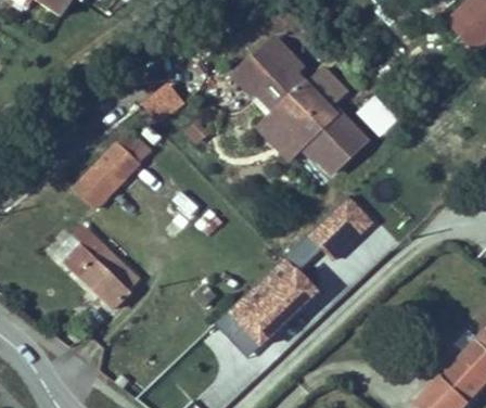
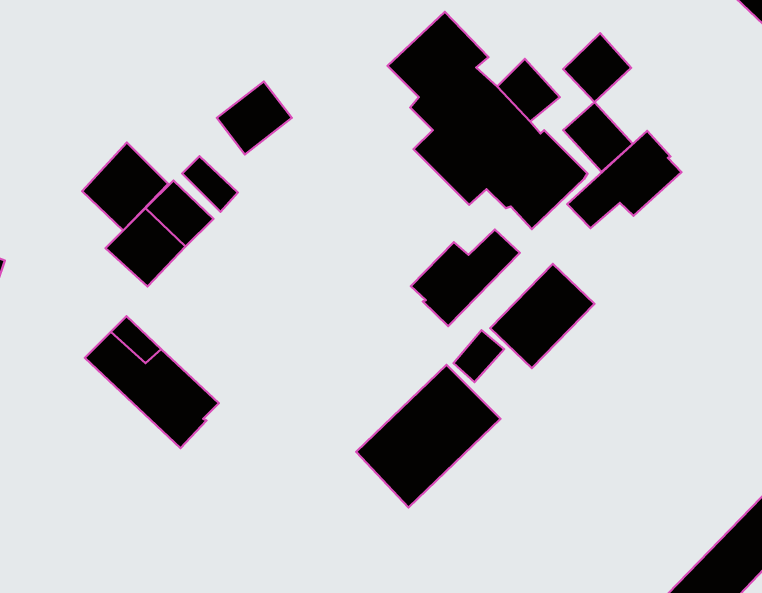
building: none -> [563,33,631,102]
building: none -> [567,131,682,228]
building: none -> [82,142,168,231]
building: none -> [411,229,520,326]

